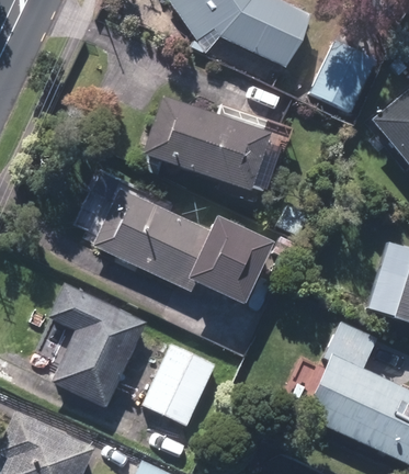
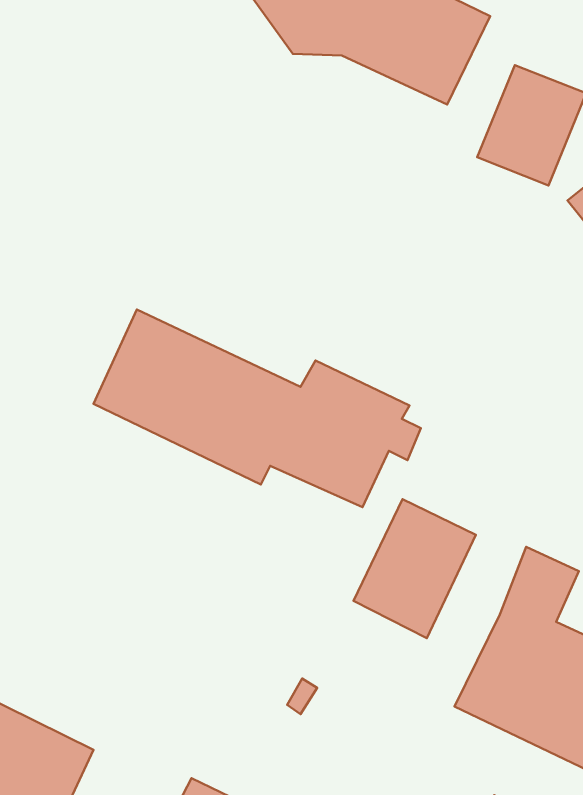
building: [140,92,277,188] -> none
building: [49,282,146,405] -> none
building: [141,340,213,421] -> [354,499,476,638]

